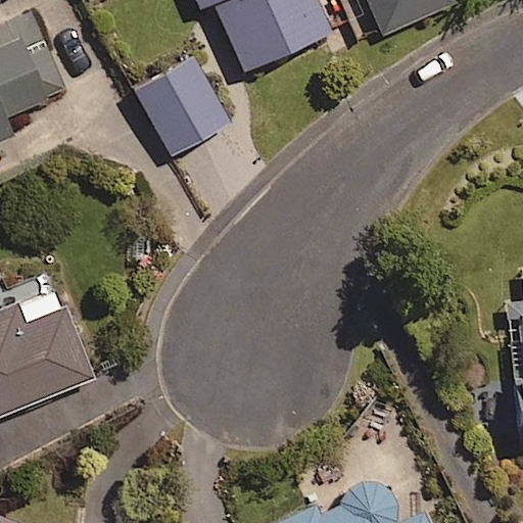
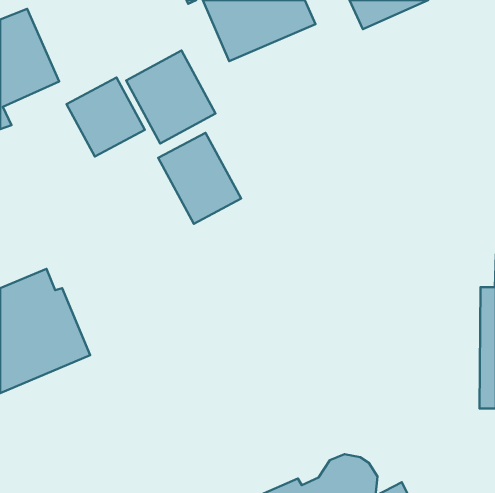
building: none -> [67,78,145,157]
building: none -> [158,133,241,224]

